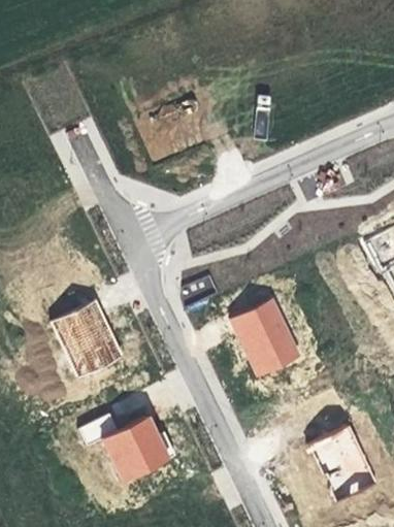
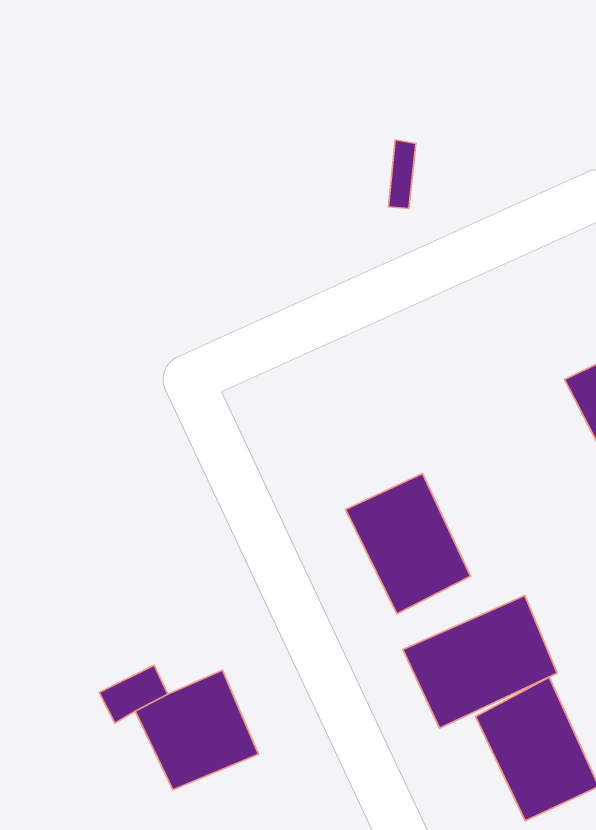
building: [48,297,123,380] -> none
building: none -> [403,595,557,728]

